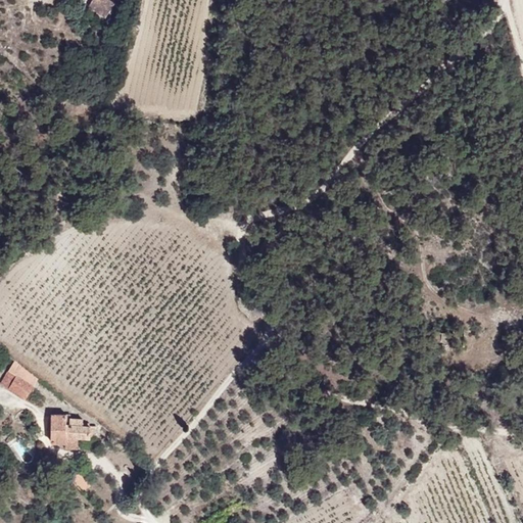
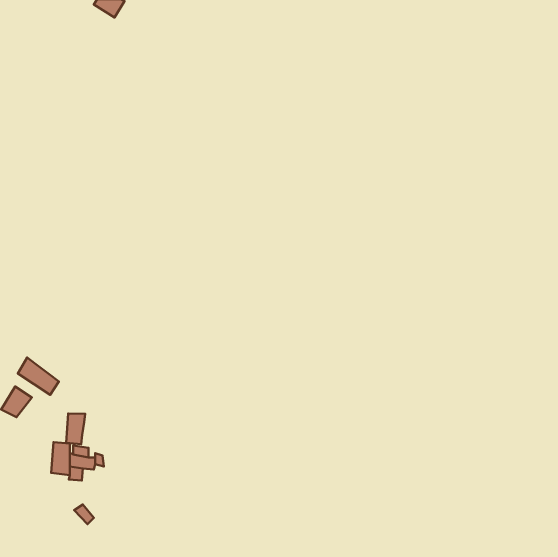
building: none -> [18,358,59,395]
building: none -> [66,413,85,444]

